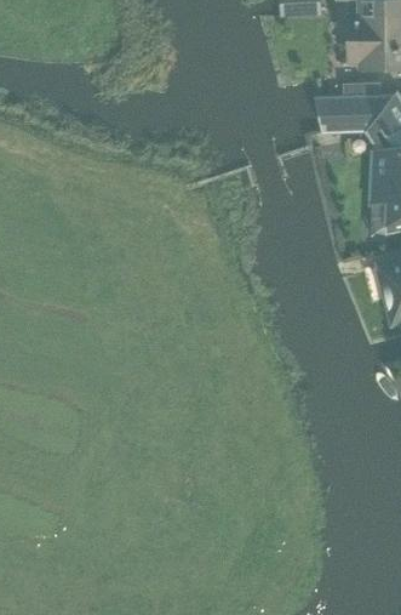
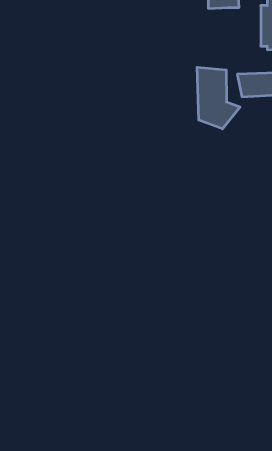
building: none -> [197,67,240,129]

